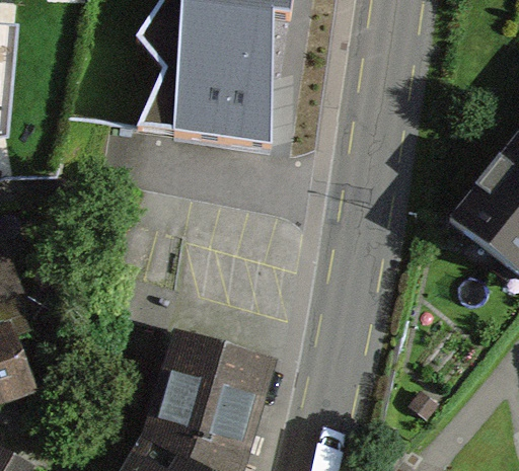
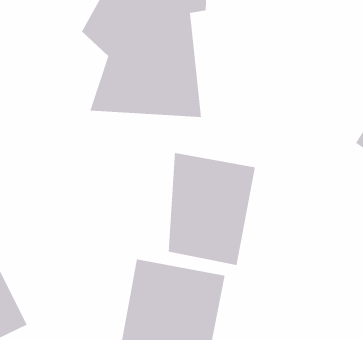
building: none -> [168,152,255,266]

